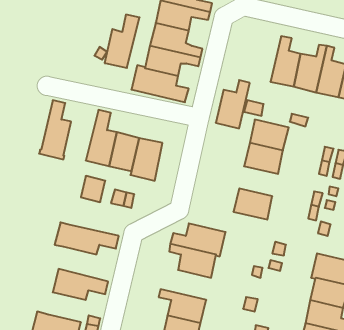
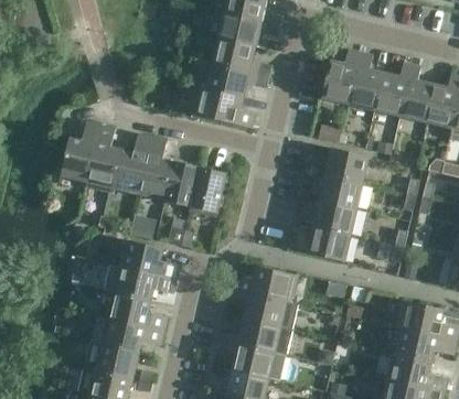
building: [105,15,140,68] -> [114,133,153,194]
building: [216,80,250,128] -> [322,50,361,105]
building: none -> [61,121,102,182]
building: none -> [313,201,357,235]
building: none -> [119,239,180,280]
building: none -> [108,292,168,332]
building: none -> [224,319,281,353]
building: none -> [96,344,139,378]

